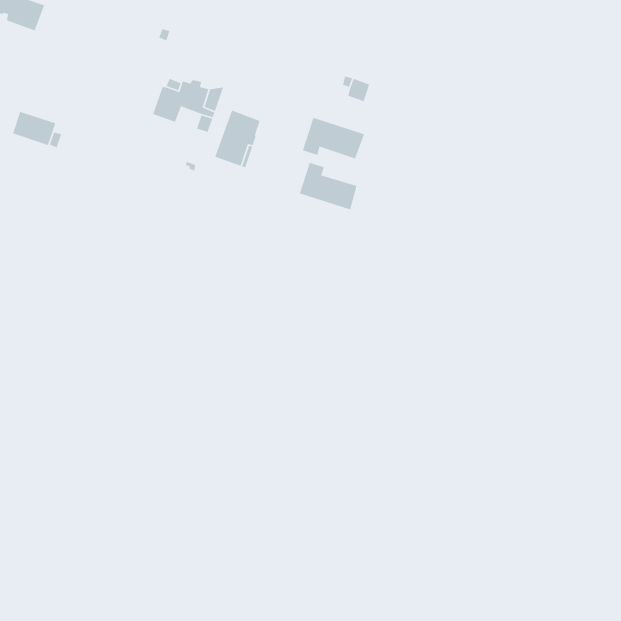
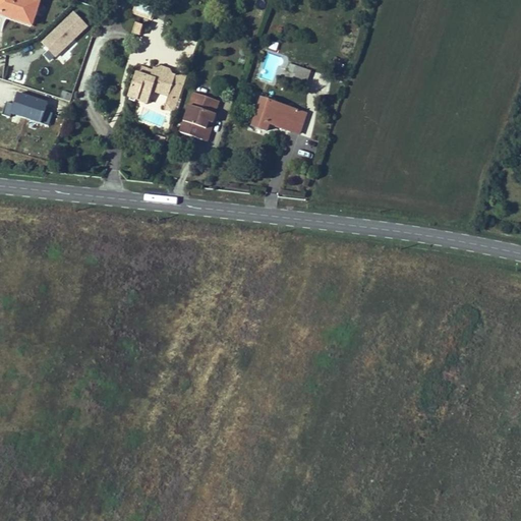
building: none -> [40,9,88,56]
building: [299,162,357,210] -> none

